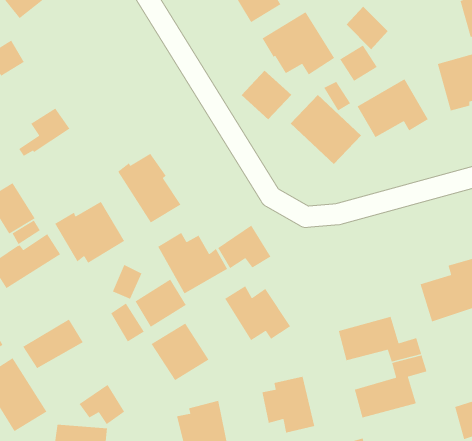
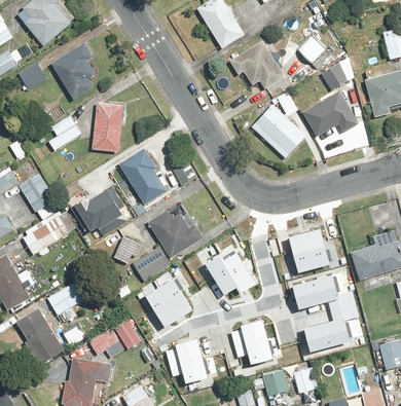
building: none -> [51,41,97,99]
building: [339,44,378,82] -> [320,62,350,90]
building: [241,70,292,120] -> none
building: none -> [94,103,122,150]
building: [217,225,272,269] -> none
building: none -> [287,232,326,273]
building: [110,303,145,343] -> [114,319,141,349]

